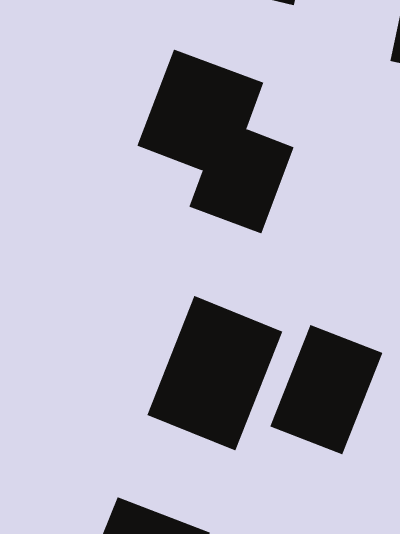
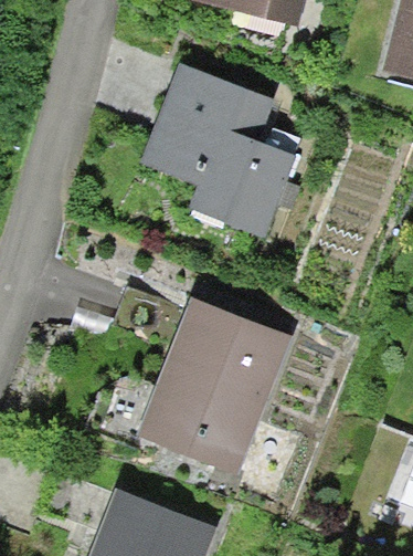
building: [269,324,383,455] -> none

